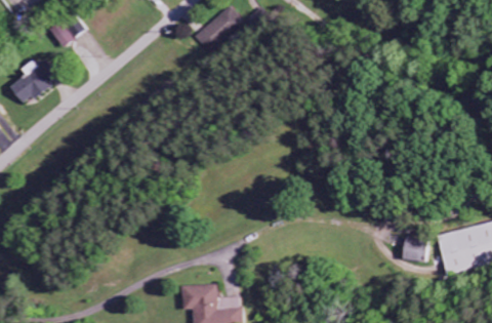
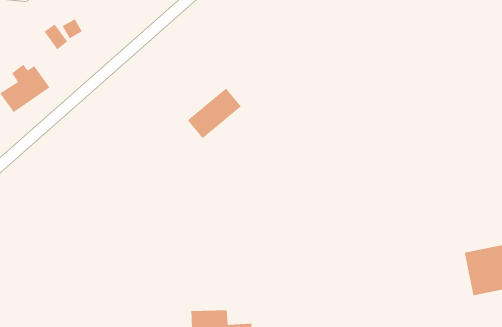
building: [195,5,245,52] -> [187,88,242,139]
building: [401,238,428,261] -> none

